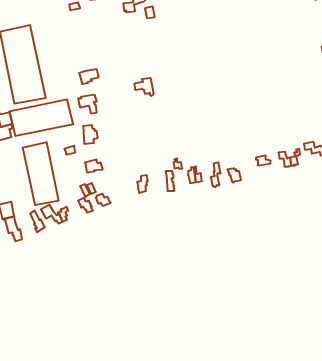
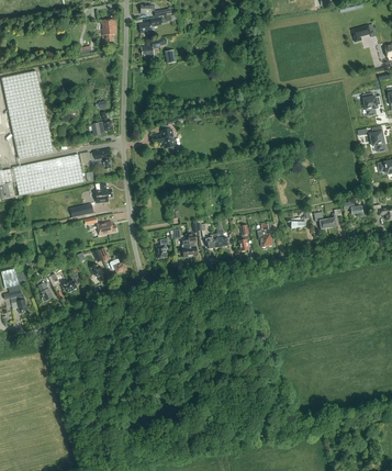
building: [23,142,59,205] -> none

